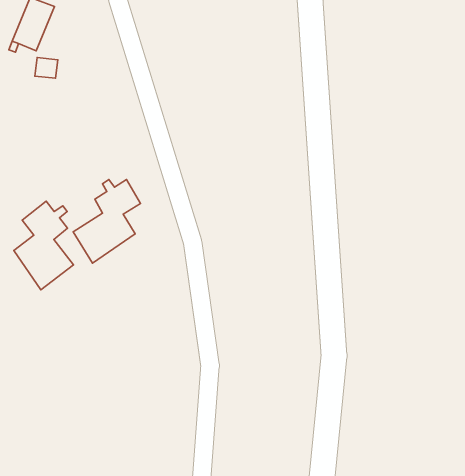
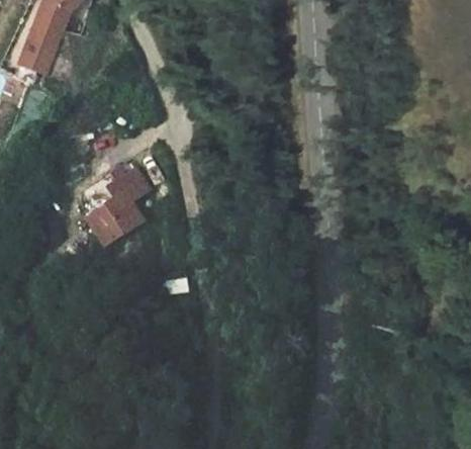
building: [14,201,74,290] -> none

